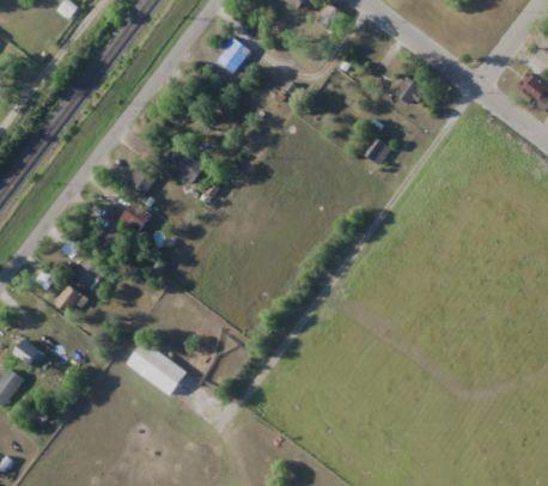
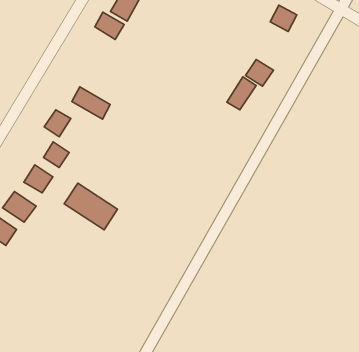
building: none -> [95,12,124,40]
building: none -> [227,77,256,110]
building: [127,340,187,396] -> [64,183,118,230]

